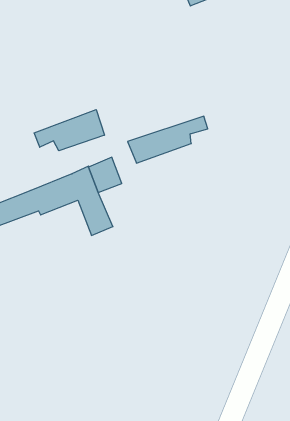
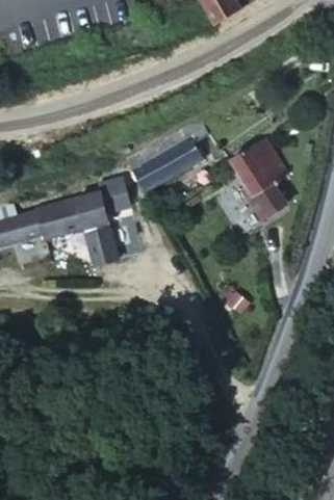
building: [34,110,104,151] -> none
building: none -> [230,147,279,219]

